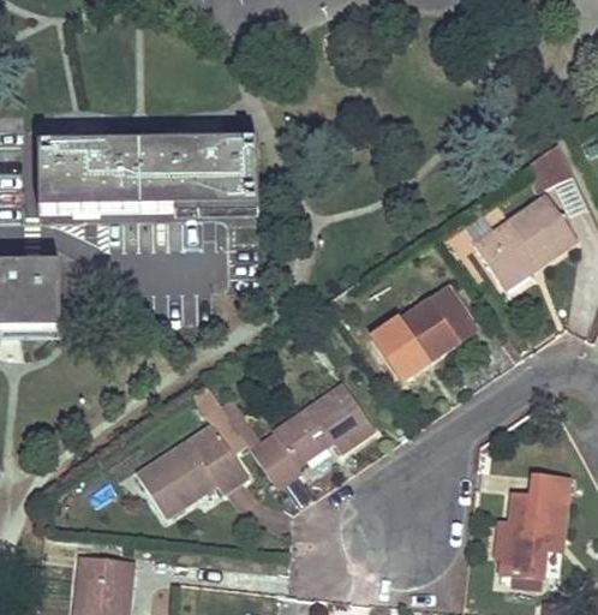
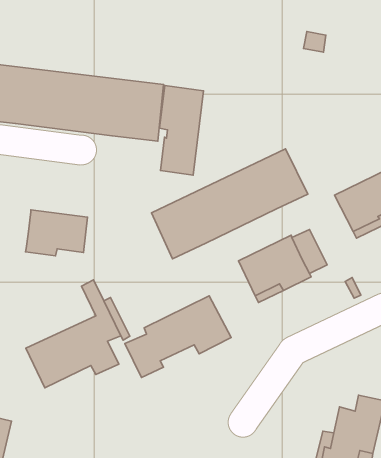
building: none -> [159,85,203,175]
building: none -> [152,149,308,259]
building: none -> [26,210,88,256]

